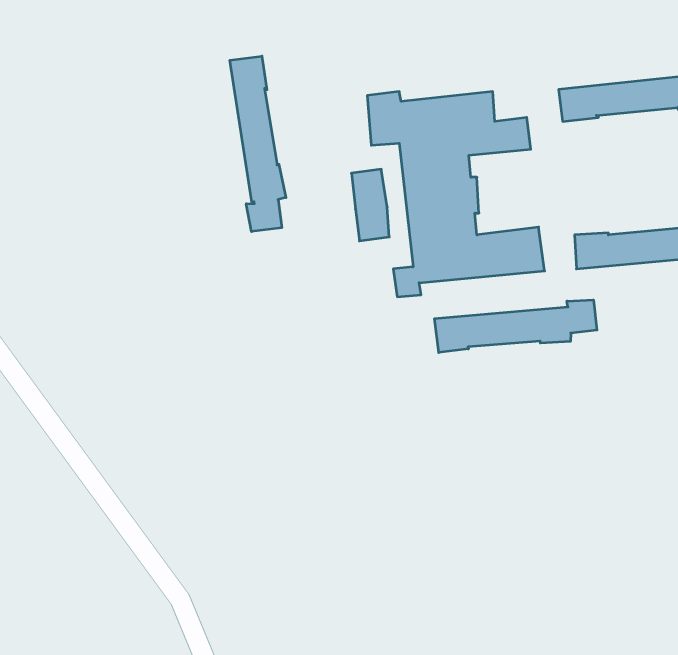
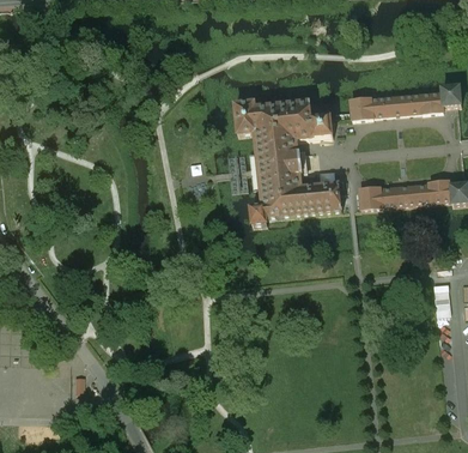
building: [230,56,286,232] -> none
building: [435,300,597,353] -> none

